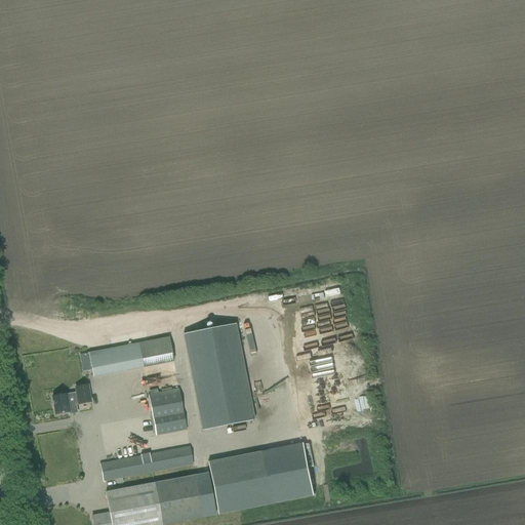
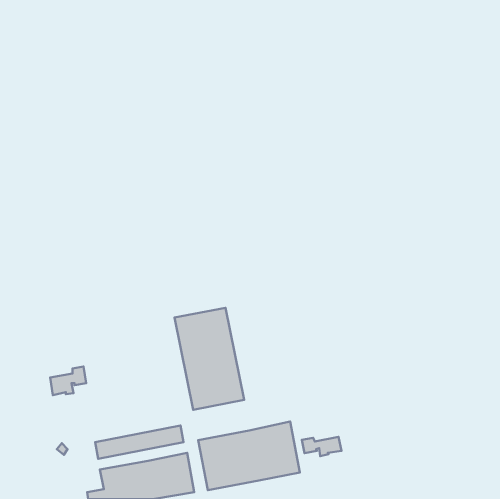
building: [89,335,174,375] -> none
building: [149,387,187,434] -> none
building: none -> [302,437,341,456]

